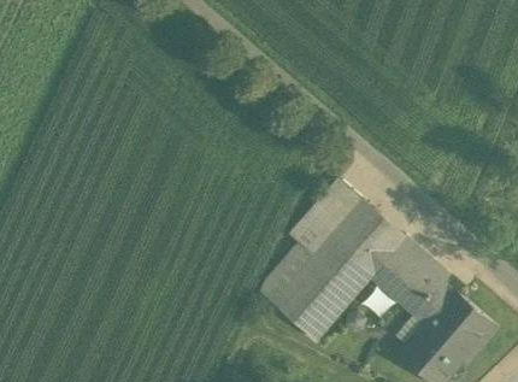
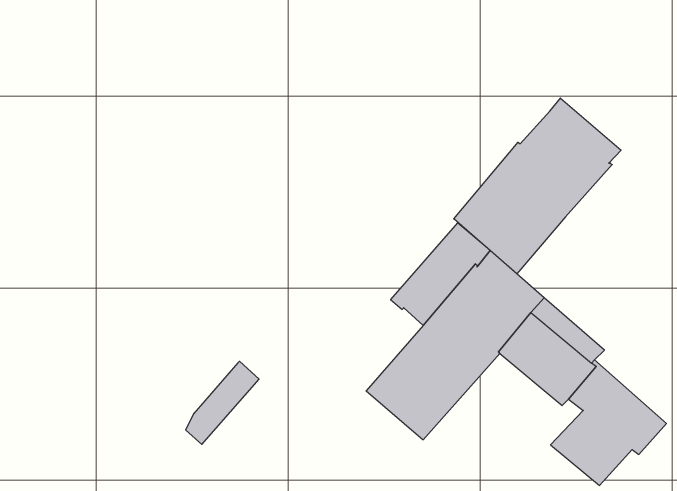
building: none -> [454,98,621,274]
building: [260,243,314,305] -> [186,361,259,444]

